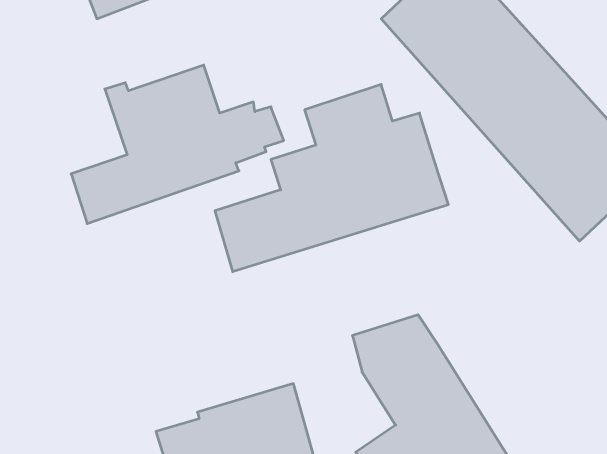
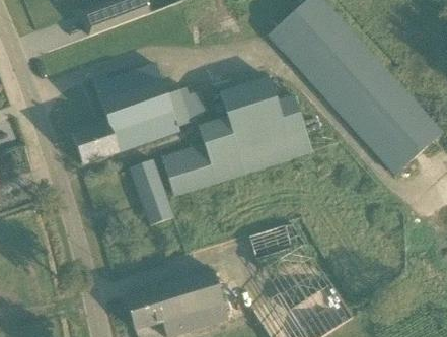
building: none -> [129,158,174,225]

